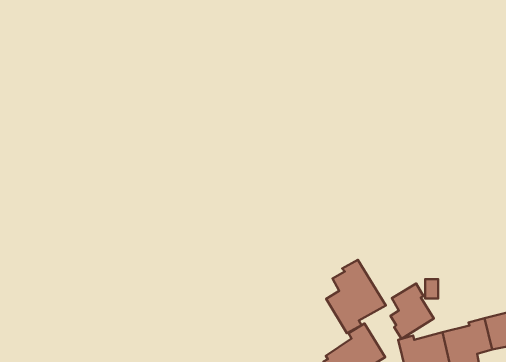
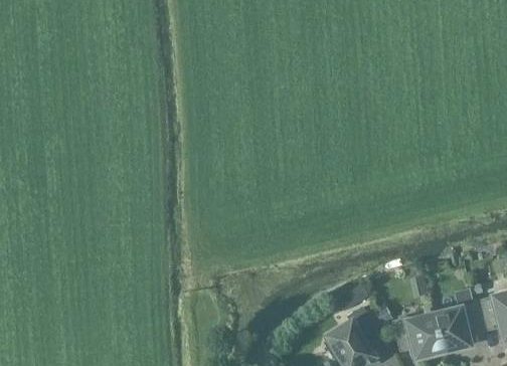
building: [326,260,386,333] -> none
building: [391,283,434,339] -> none

